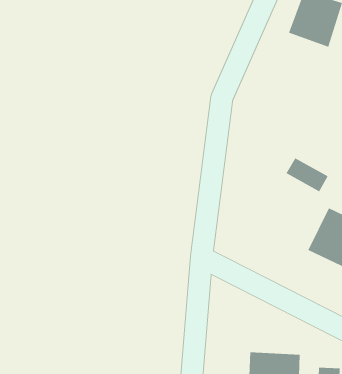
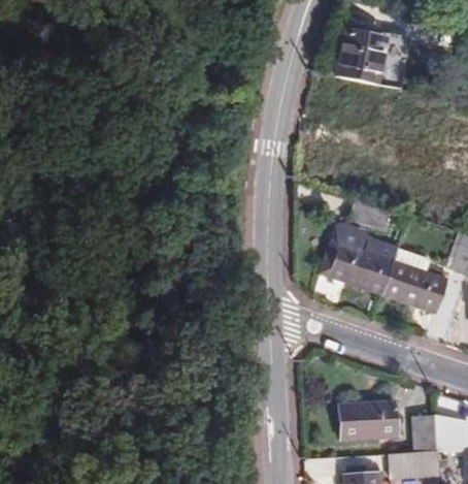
building: none -> [325,225,400,294]

